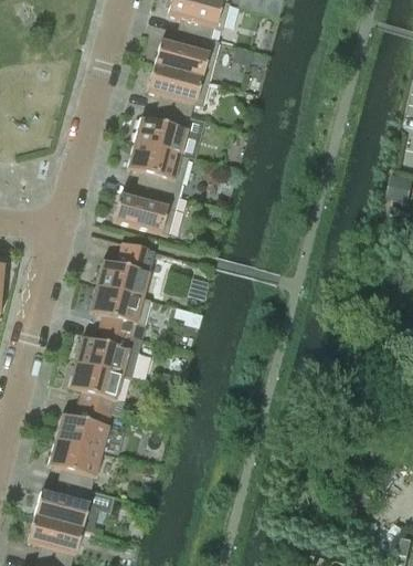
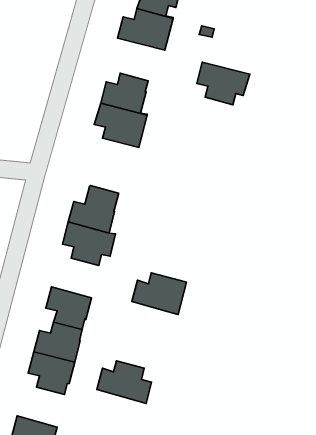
building: [148,65,211,116] -> [197,62,250,105]
building: [114,185,180,234] -> none
building: [76,327,141,377] -> [132,273,187,315]
building: [35,481,100,532] -> [97,361,152,403]

